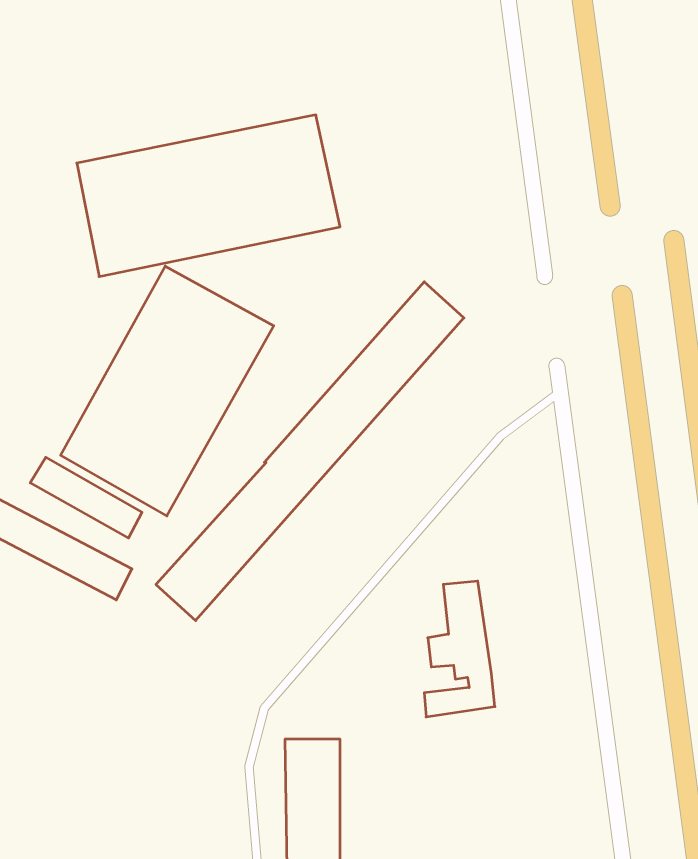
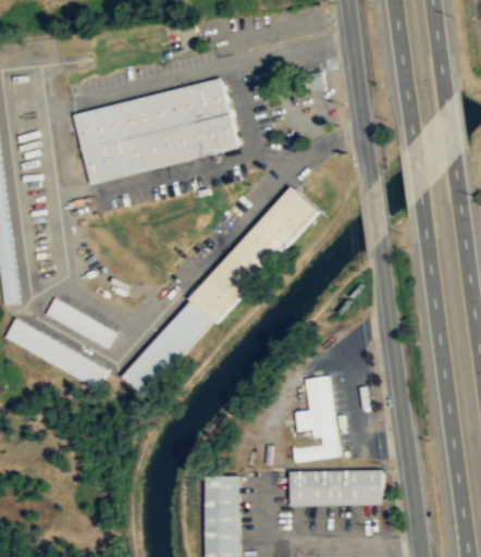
building: [61,266,274,516] -> none
building: none -> [288,469,381,506]

